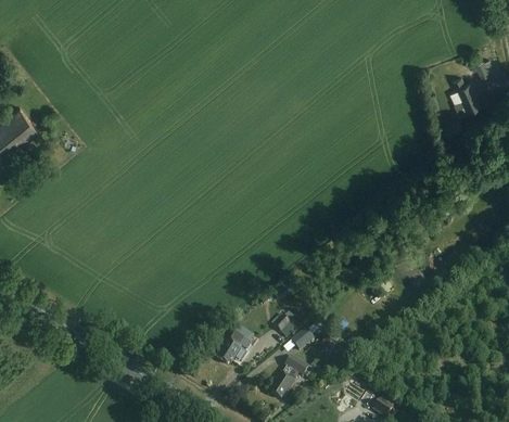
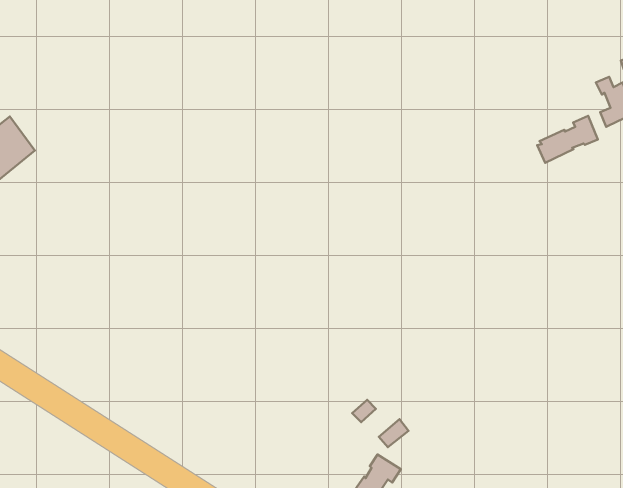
building: none -> [537,116,598,163]
building: [219,331,247,363] -> none

